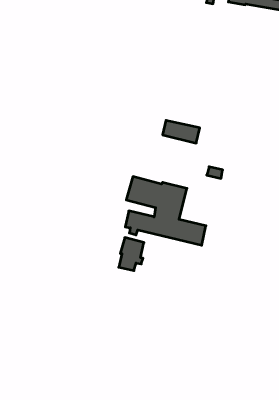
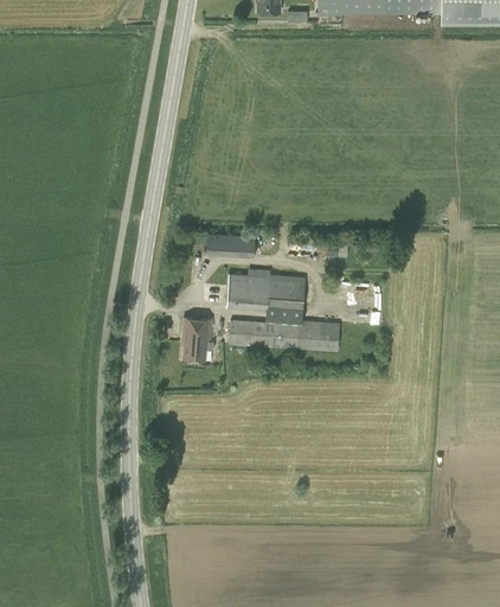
building: [163,120,200,143] -> [206,232,255,256]
building: [119,238,144,271] -> [182,317,214,359]

